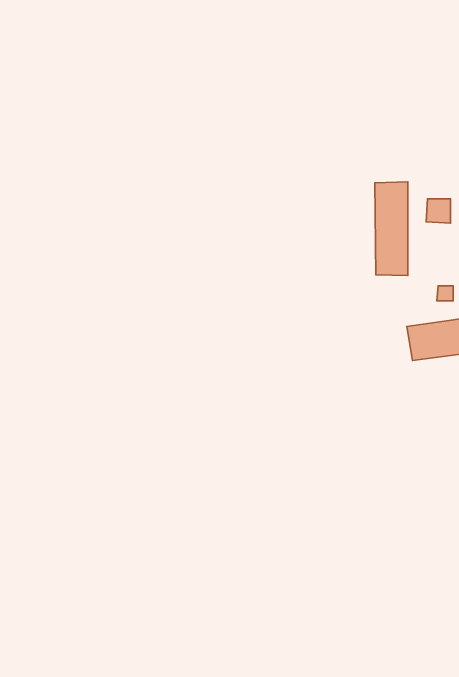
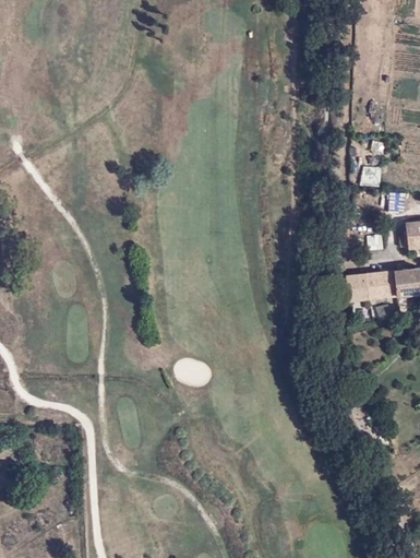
building: [375,182,408,276] -> none

